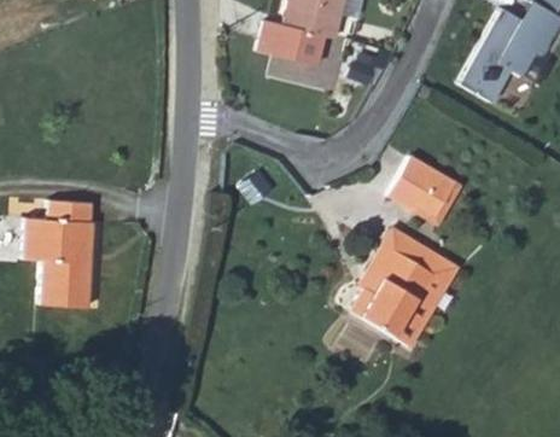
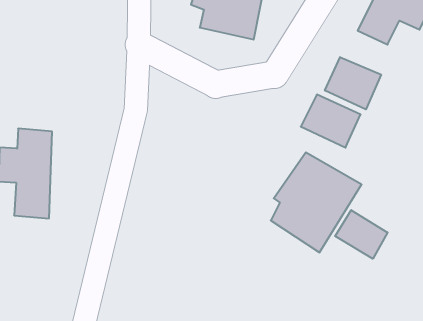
building: none -> [325,57,381,109]
building: none -> [335,210,388,259]

